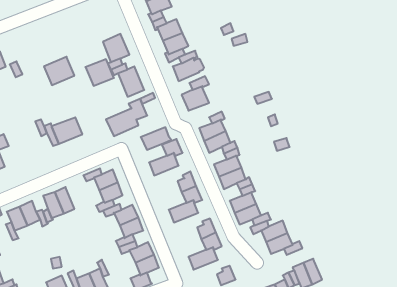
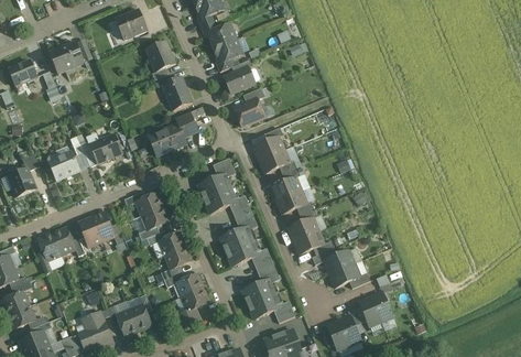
building: [44,57,74,85] -> [48,42,83,74]
building: [85,59,114,86] -> [115,10,146,40]
building: [141,127,171,150] -> [203,188,237,214]
building: none -> [47,152,79,181]
building: none -> [225,241,259,267]
building: none -> [247,294,280,320]

